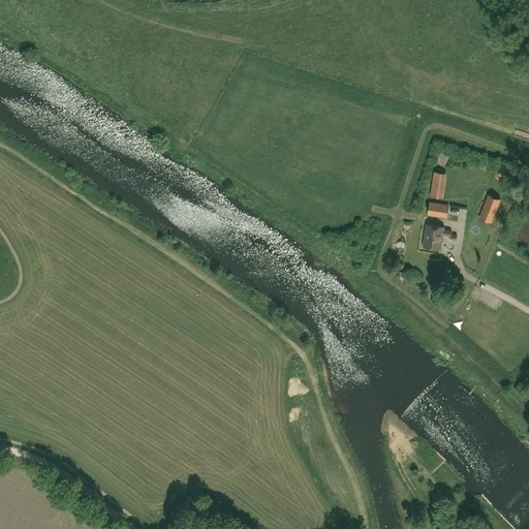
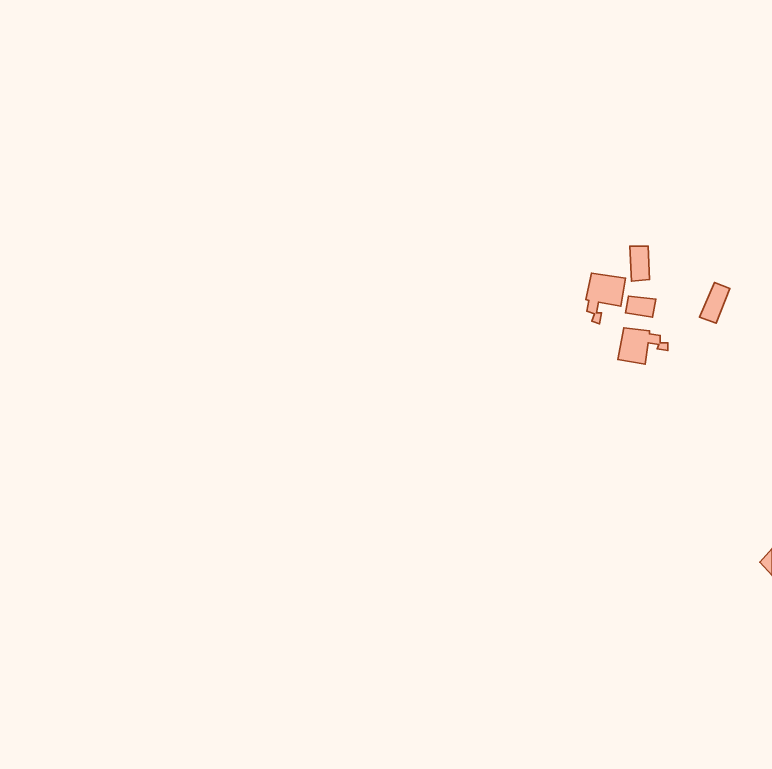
building: none -> [586,273,626,324]

